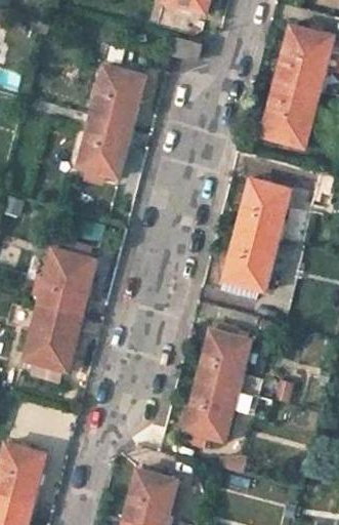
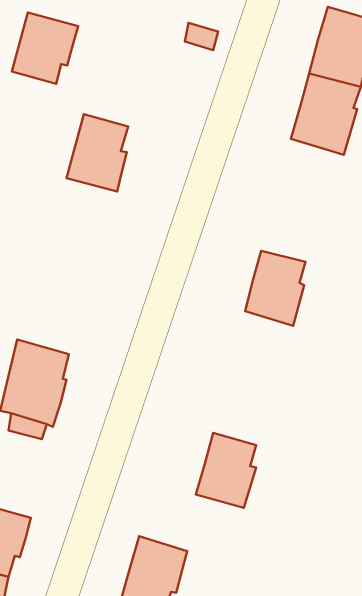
building: [89,66,144,125] -> [12,13,78,84]
building: [237,178,290,238] -> none
building: [34,248,94,315] -> none
building: [197,331,250,391] -> none

